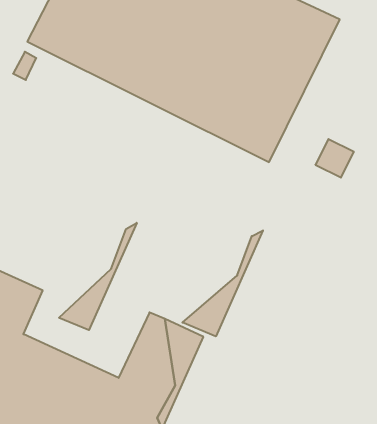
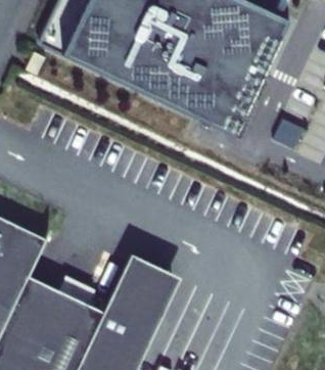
building: [59,223,137,330] -> none
building: [182,230,263,336] -> none

